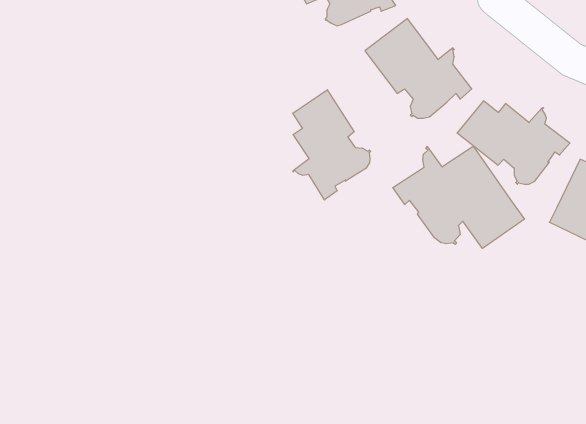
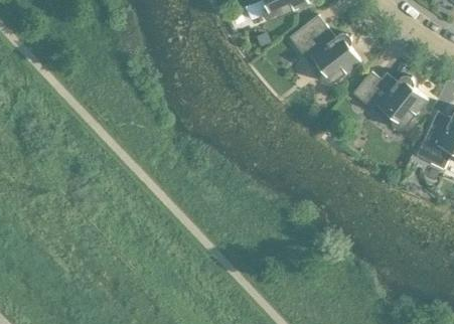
building: [293,90,371,200] -> none
building: [393,146,524,248] -> none

